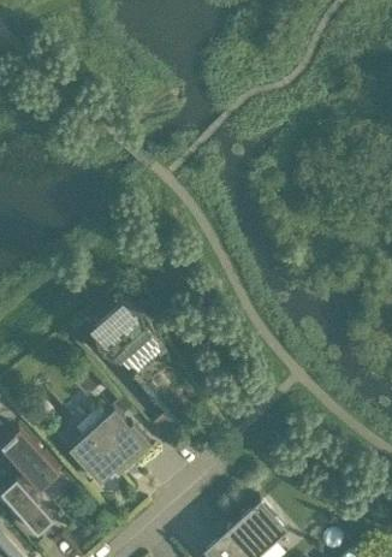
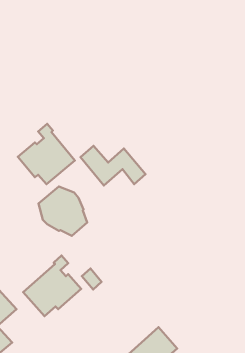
building: none -> [18,124,75,184]
building: none -> [80,146,145,185]

